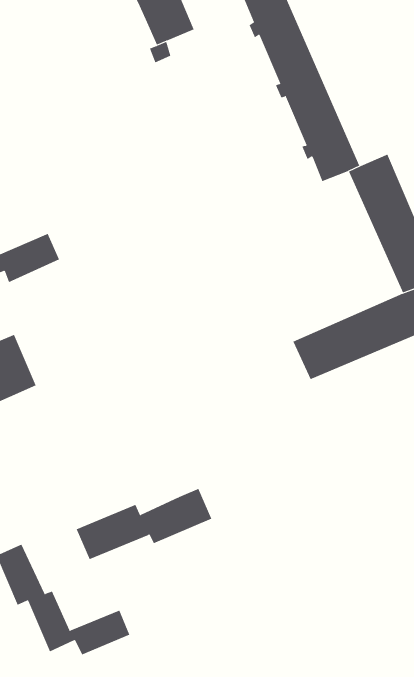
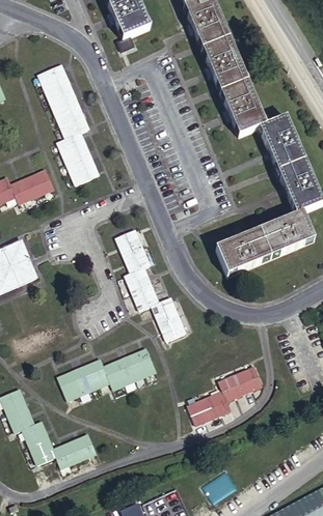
building: none -> [37,67,96,187]
building: none -> [120,229,190,341]
building: none -> [184,361,258,418]

